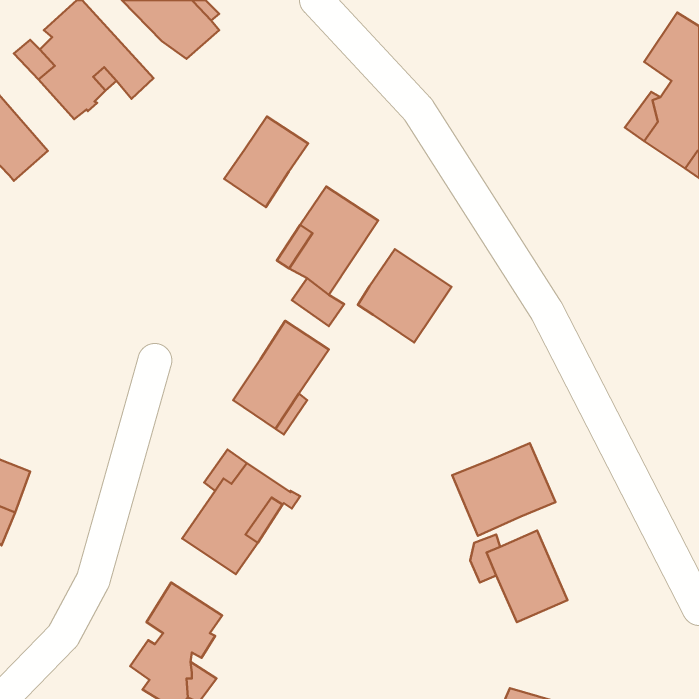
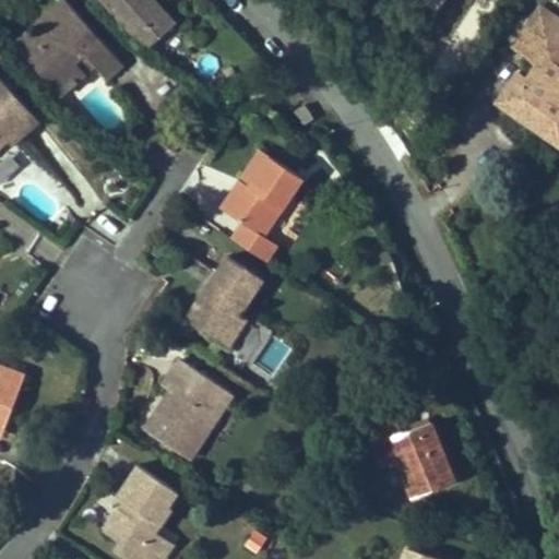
building: [224,116,308,207] -> none
building: [358,249,451,343] -> none
building: [452,443,556,536] -> none

